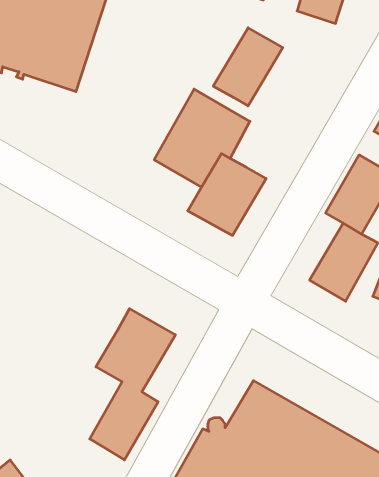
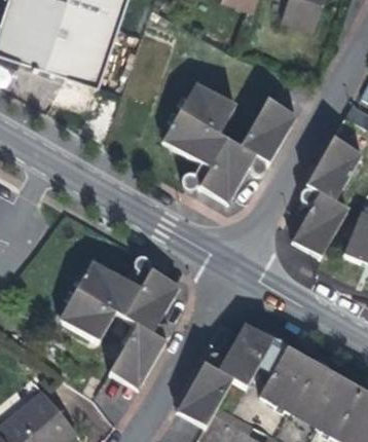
building: [213,28,283,106] -> [240,98,297,162]
building: none -> [61,259,133,340]

